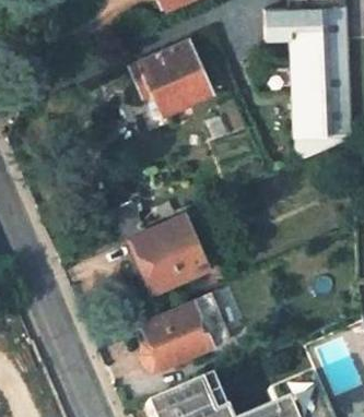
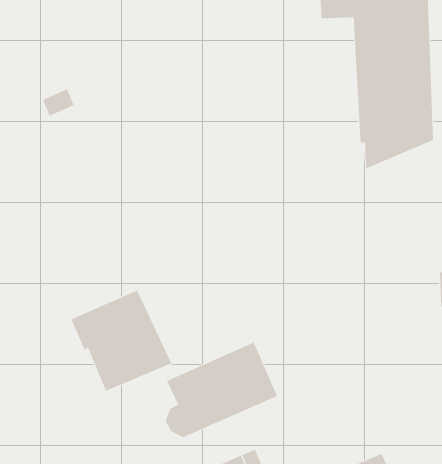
building: [130,40,211,115] -> none
building: [129,212,209,291] -> [71,290,172,391]

